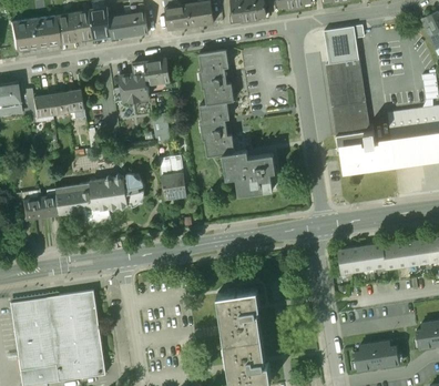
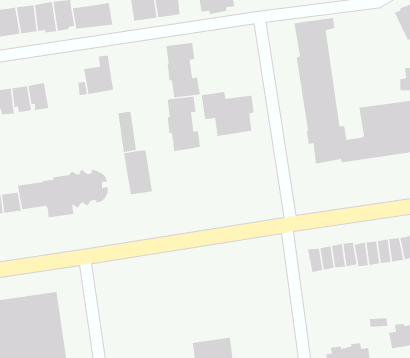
building: [144,59,171,84] -> none
building: [223,151,275,195] -> [201,91,255,137]
building: [218,290,263,342] -> none

